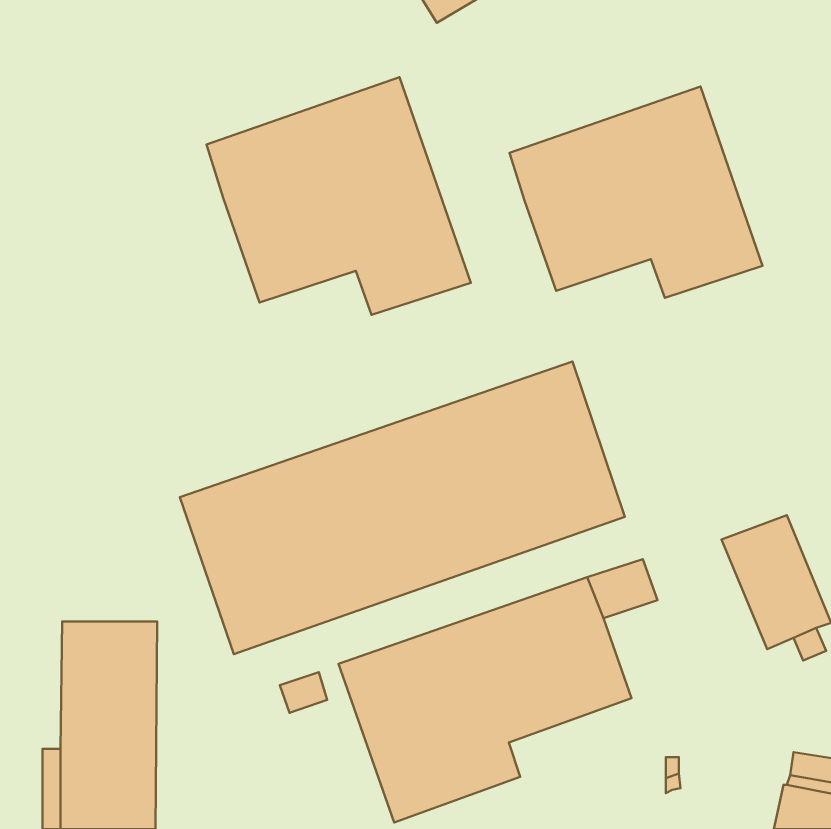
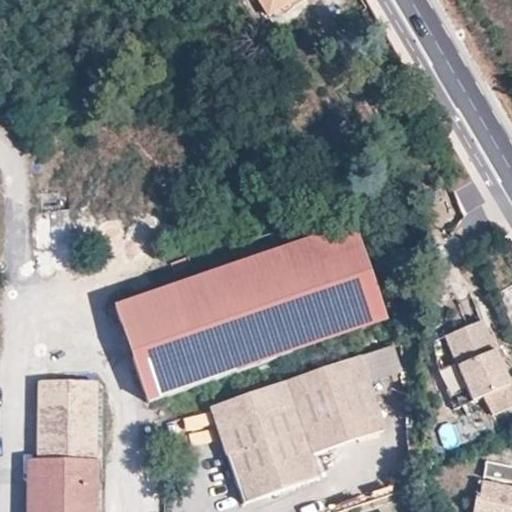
building: [206,77,471,315] -> none
building: [510,87,762,298] -> none

